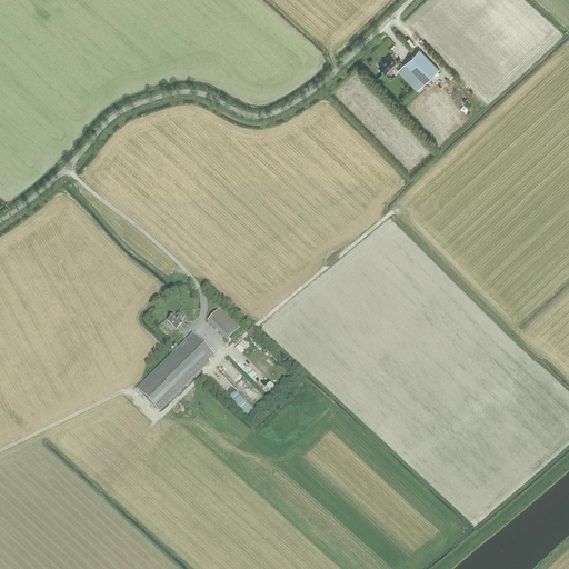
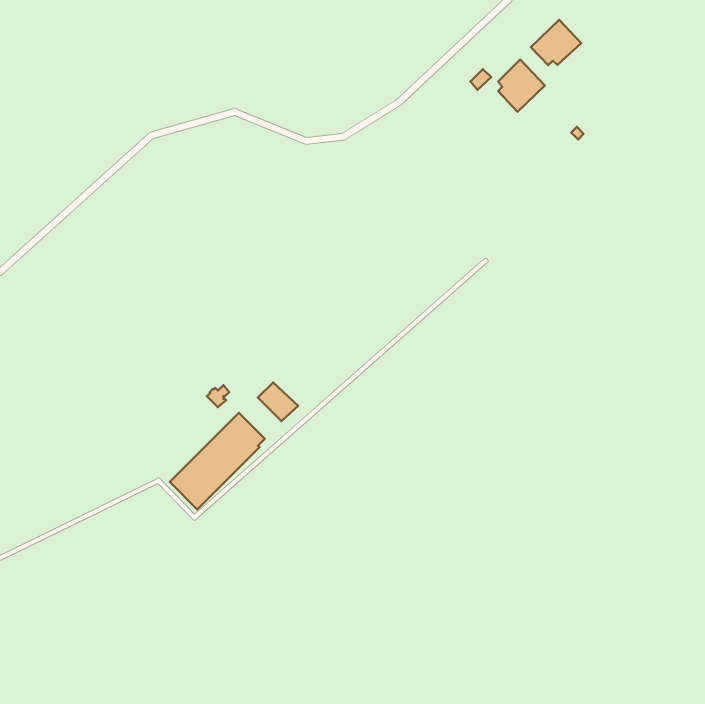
building: none -> [531,20,581,65]

